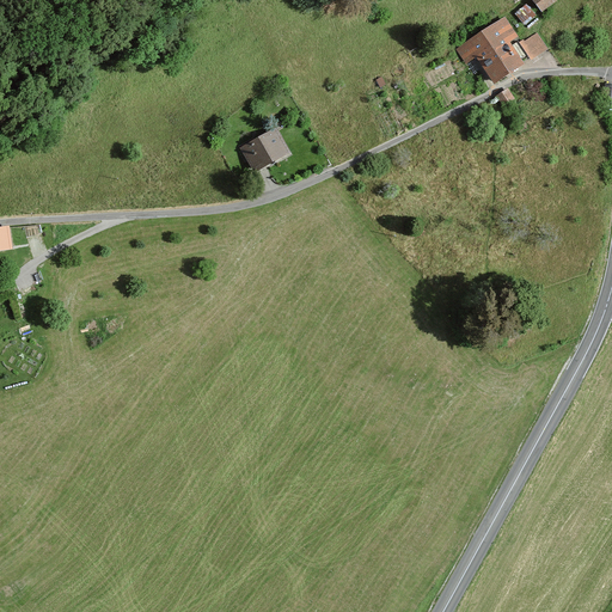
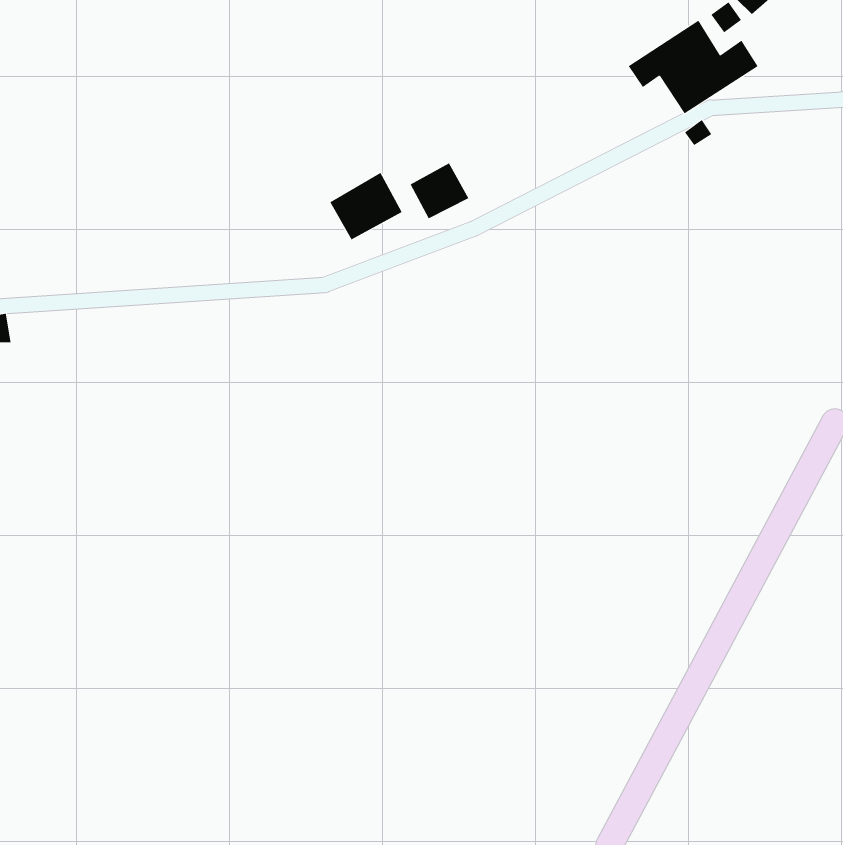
building: none -> [410,162,469,219]

